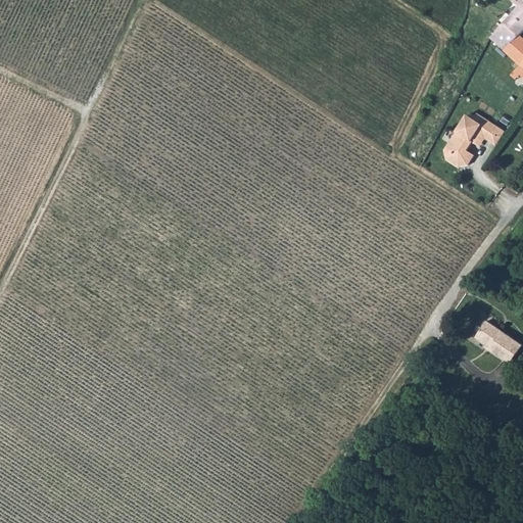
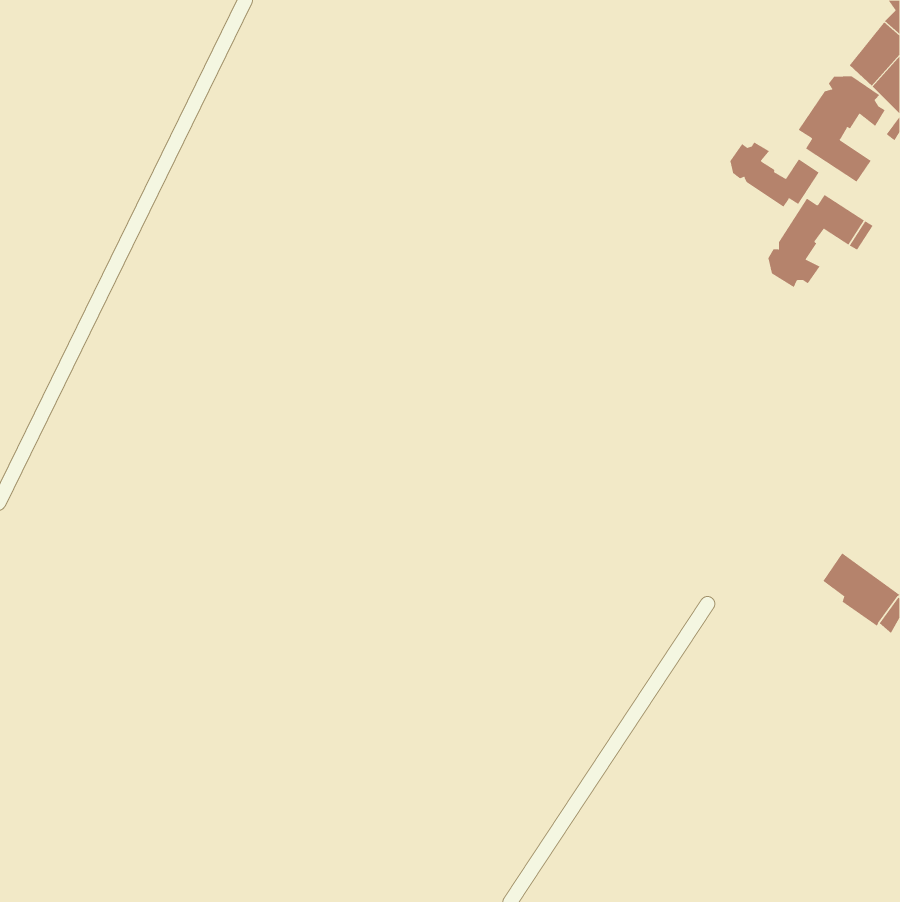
building: none -> [798,76,885,183]
building: none -> [730,141,820,208]

